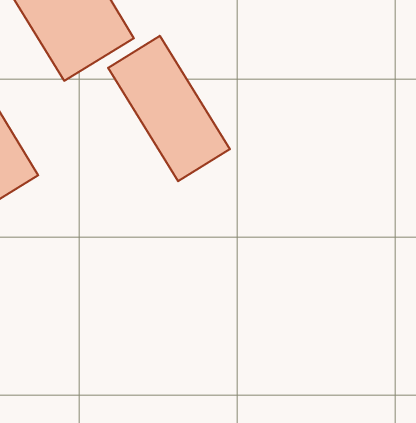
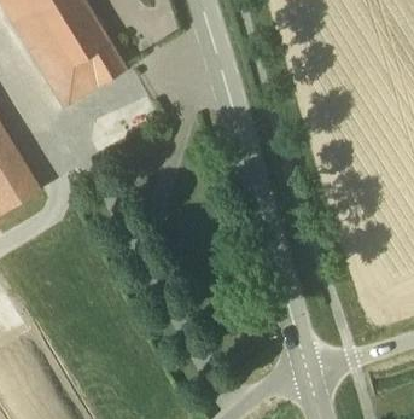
building: [108,36,230,181] -> none

